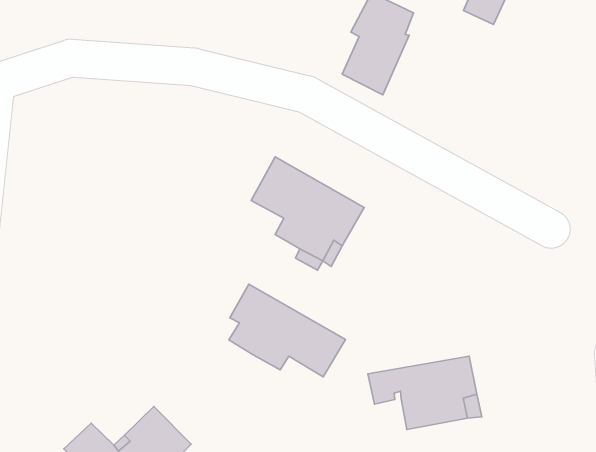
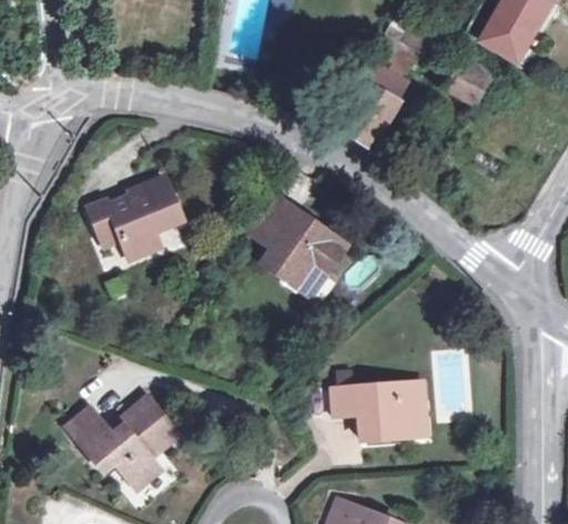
building: none -> [91,178,182,258]
building: [229,284,345,377] -> none

